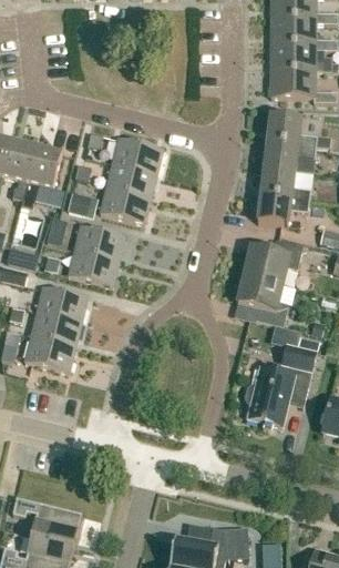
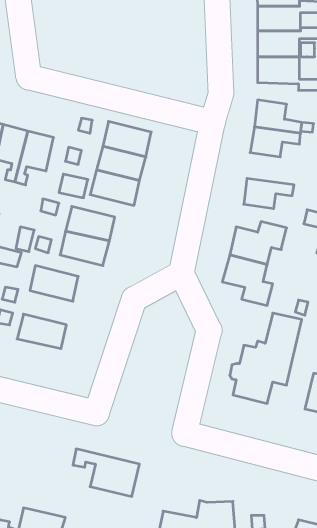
building: [260,170,310,203] -> none
building: [30,312,81,347] -> none
building: [12,497,81,546] -> [73,449,139,496]

